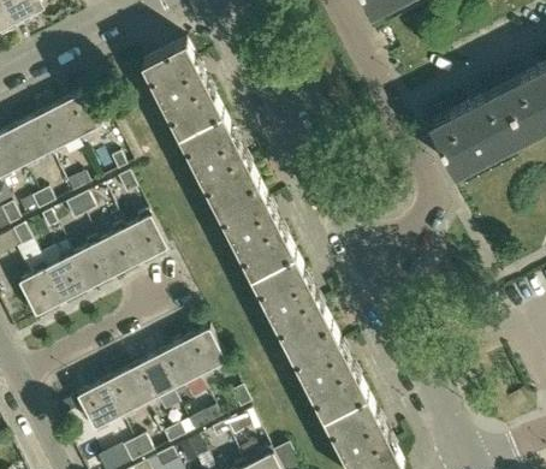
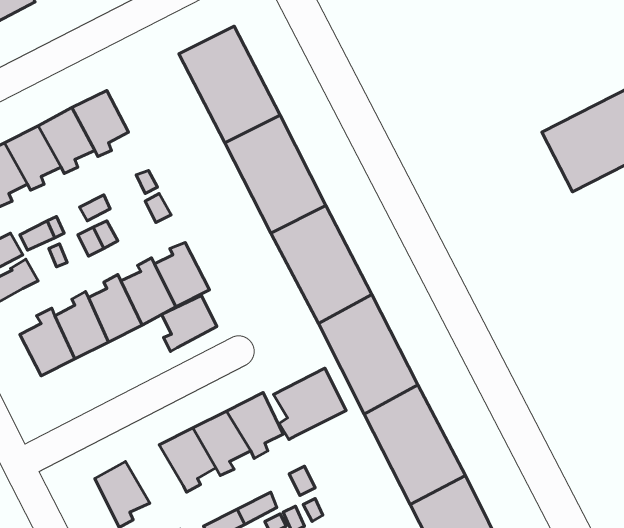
building: none -> [162,295,217,352]
building: none -> [274,368,346,439]
building: [99,370,144,421] -> none

